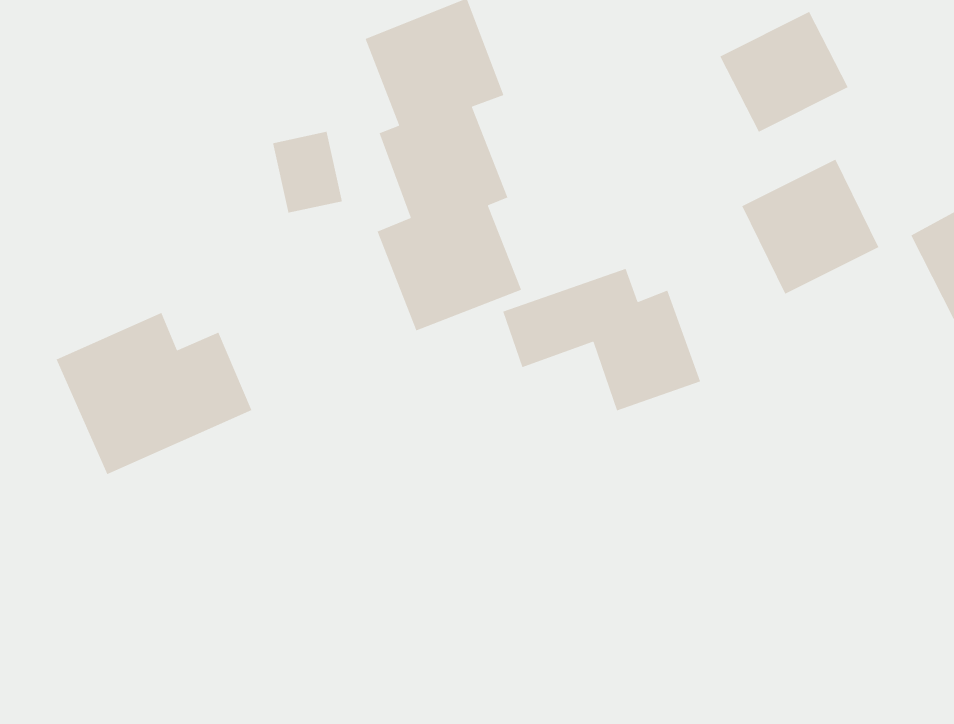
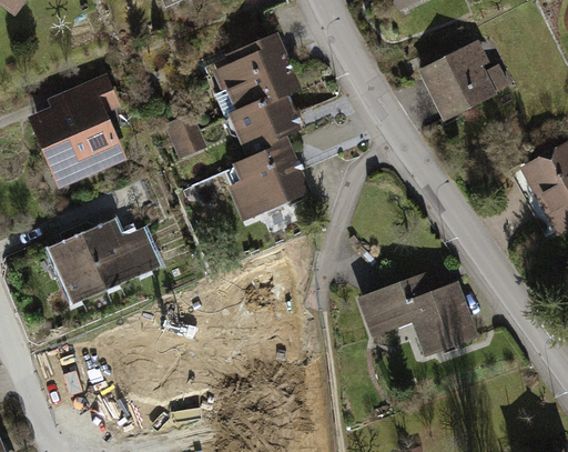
building: none -> [30,69,129,189]
building: [741,158,879,295] -> none
building: [502,268,701,411] -> [357,267,469,348]

